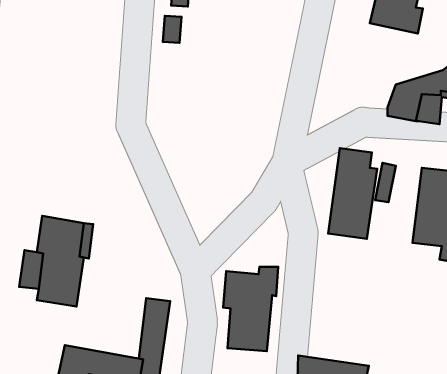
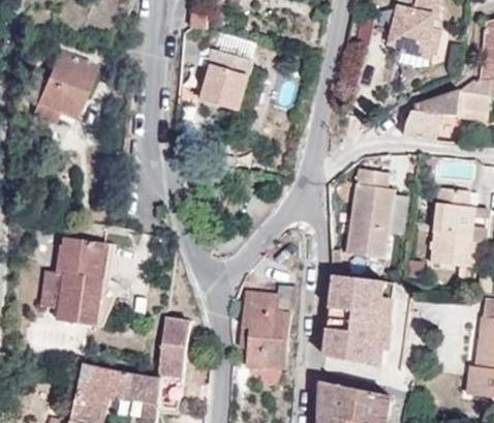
building: none -> [202,49,252,110]
building: none -> [32,50,95,123]
building: none -> [323,275,392,368]

